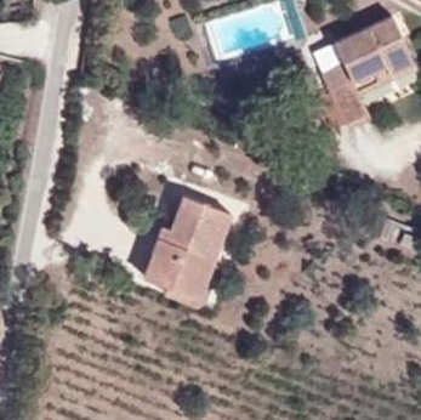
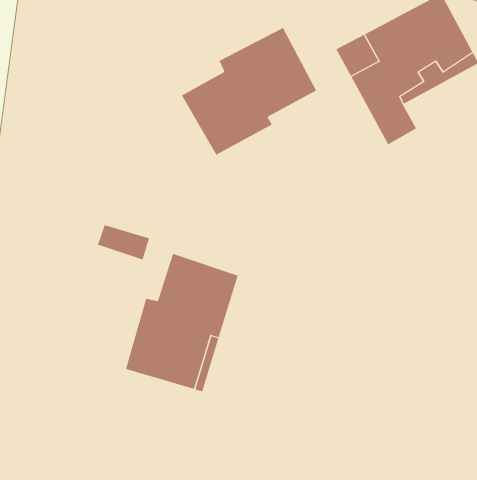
building: none -> [181,27,317,156]

